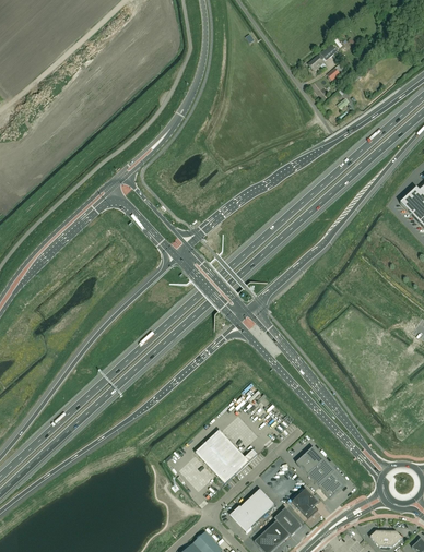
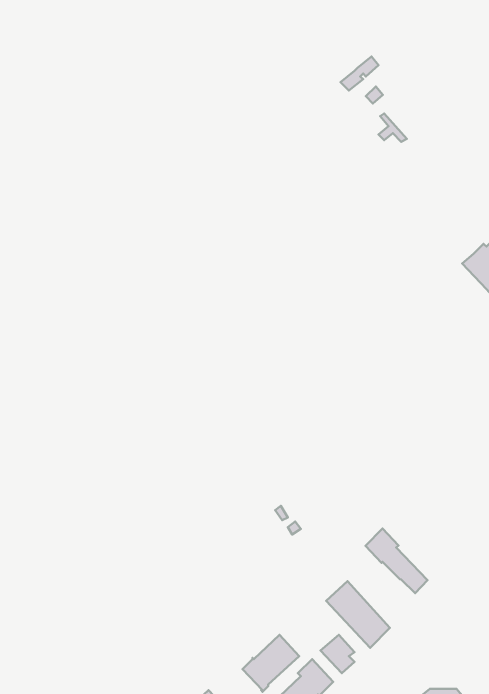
building: none -> [366,528,428,593]
building: [196,430,257,484] -> none

